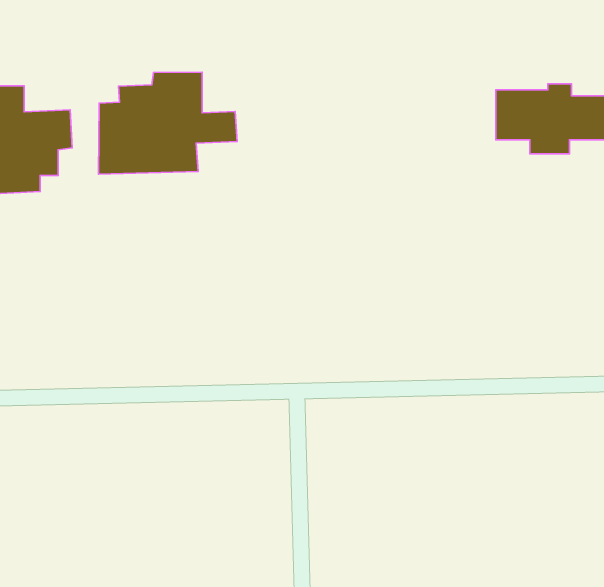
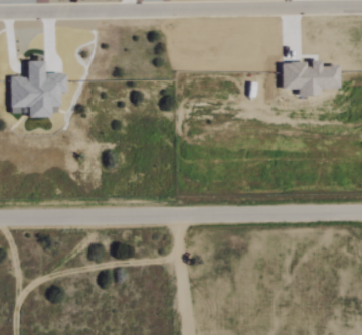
building: [99,72,237,174] -> none

